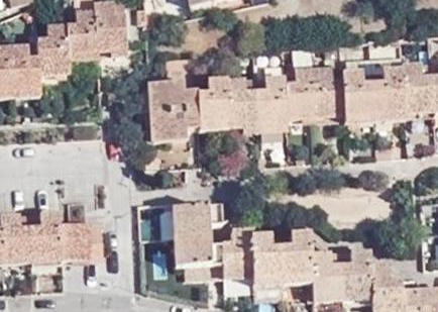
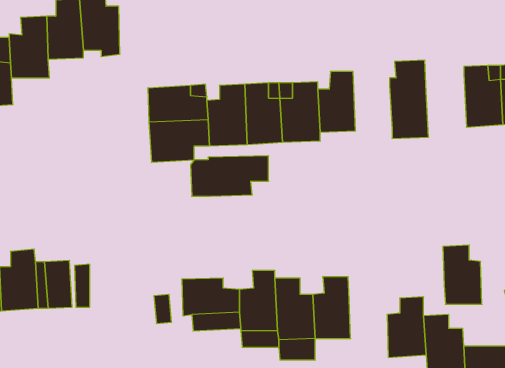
building: [371,59,405,121] -> none
building: [314,68,345,116] -> none
building: [160,203,223,235] -> [191,156,269,196]
building: [311,250,342,298] -> [443,245,482,304]

